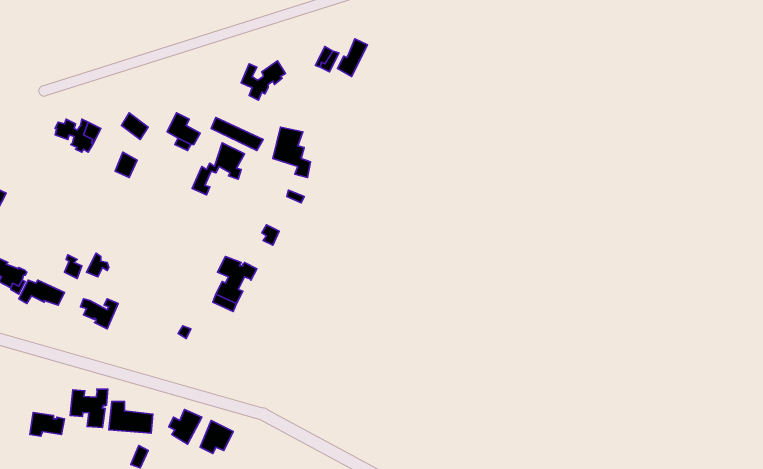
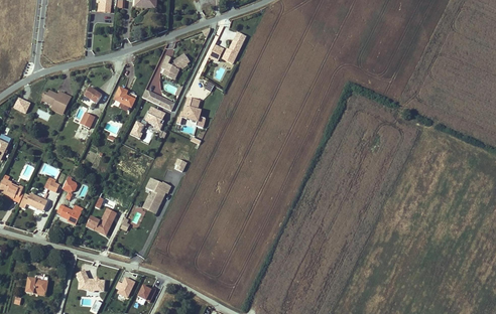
building: none -> [87,209,117,236]
building: [70,389,108,428] -> none

